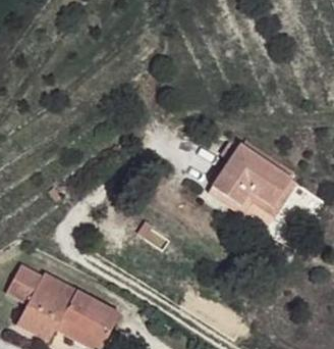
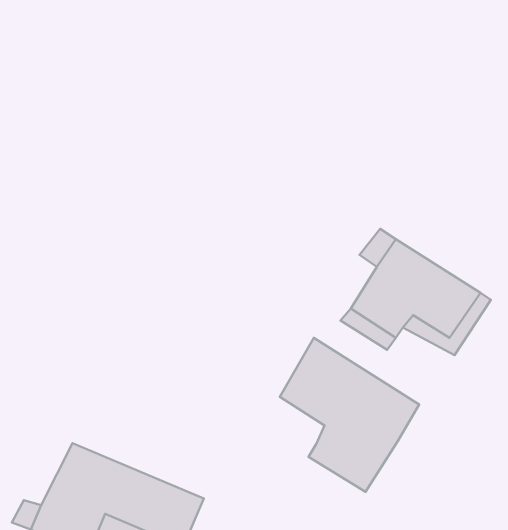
building: none -> [280,338,419,492]

